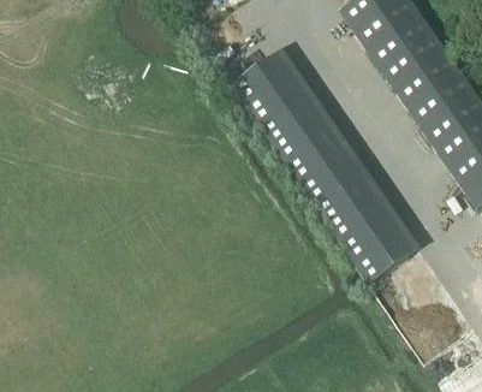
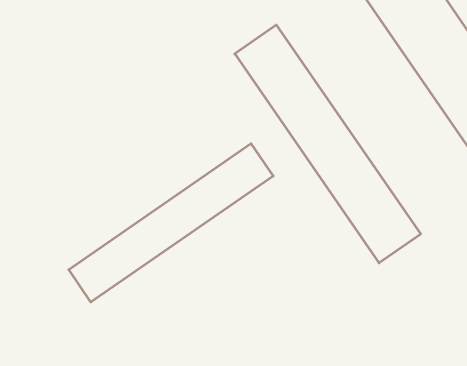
building: none -> [69,144,273,302]

